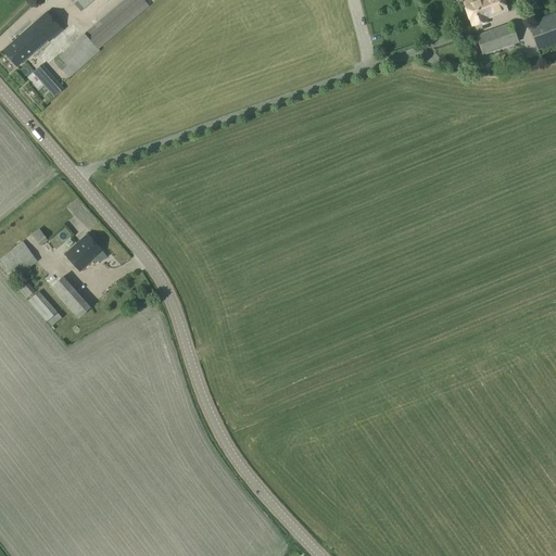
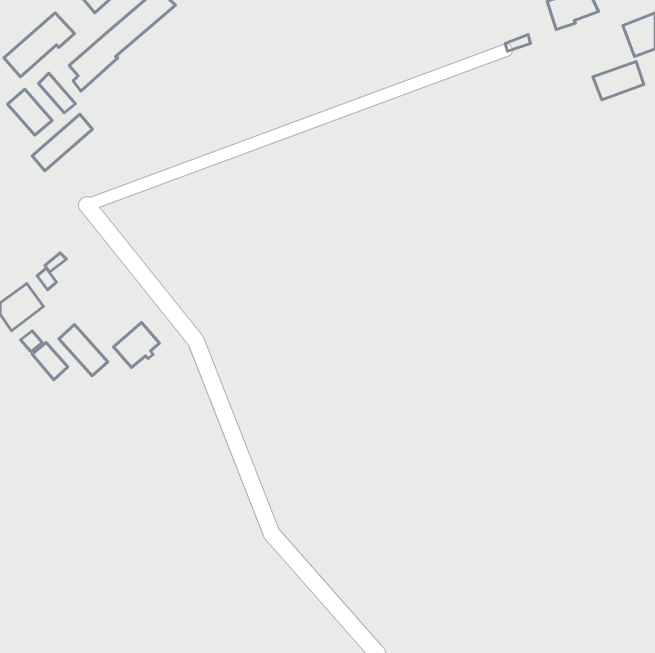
building: [475,22,518,54] -> [593,61,644,100]
building: none -> [8,89,52,135]
building: none -> [32,114,92,171]
building: [64,232,103,270] -> [113,323,160,367]

